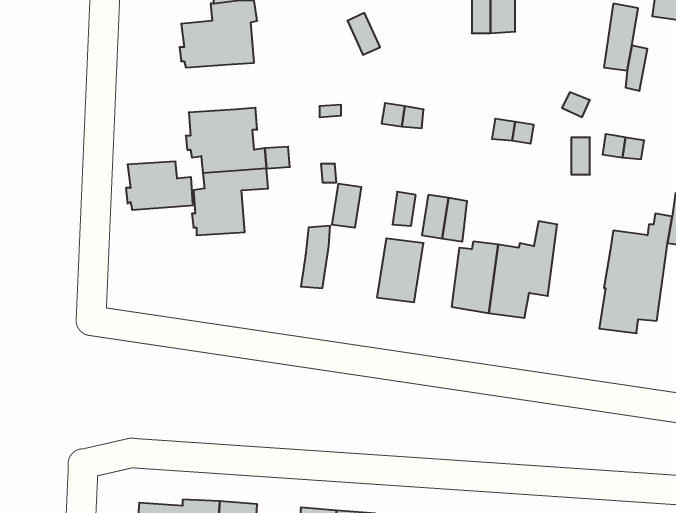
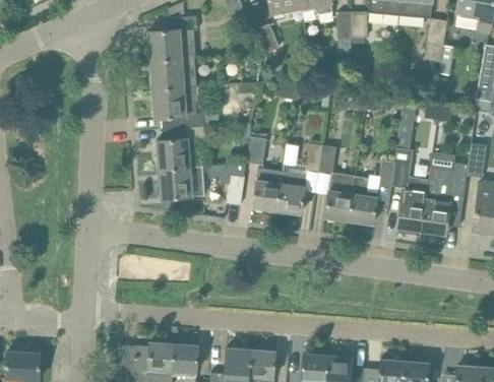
building: none -> [148,58,183,89]
building: [126,162,194,210] -> [157,168,201,199]
building: none -> [390,147,428,236]
building: none -> [252,168,282,210]

